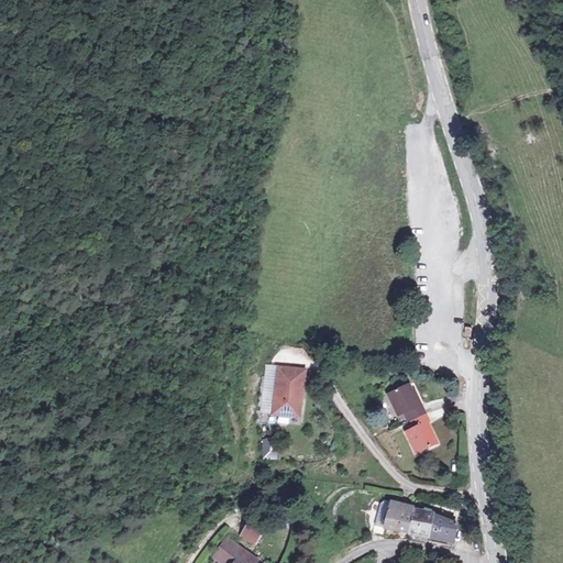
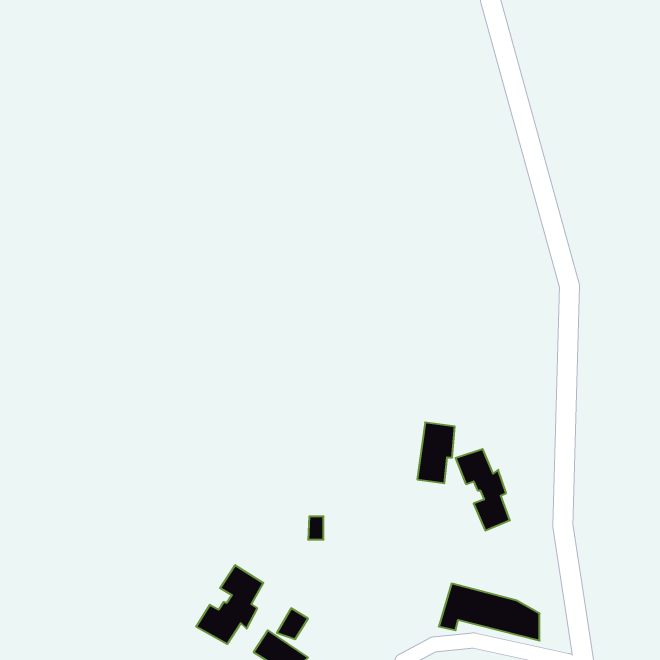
building: [271,367,302,419] -> [417,422,455,483]
building: none -> [196,565,263,644]

